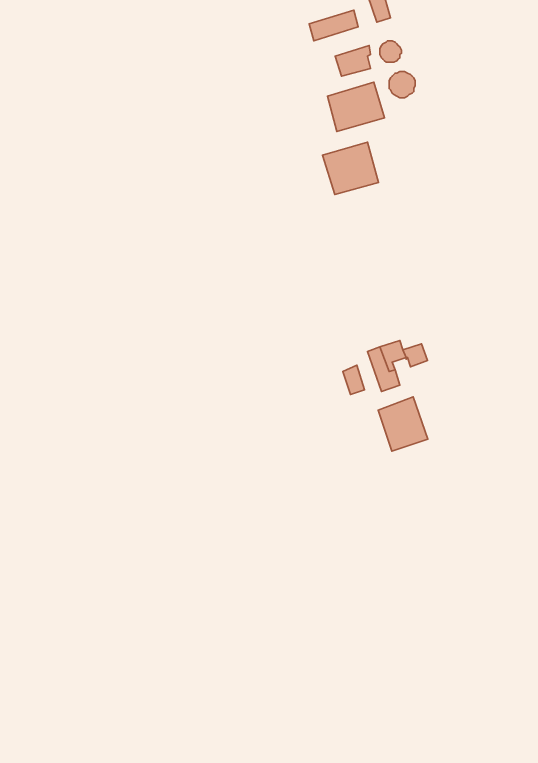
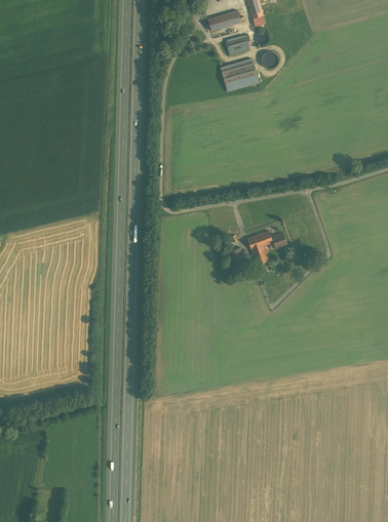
building: [323,142,379,195] -> none
building: [378,397,428,451] -> none

